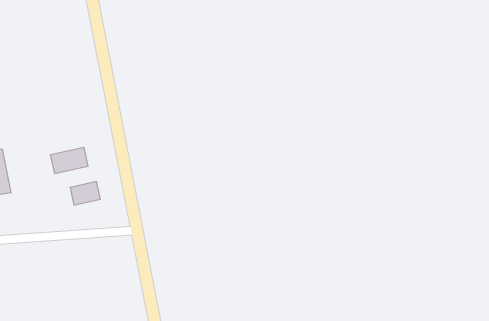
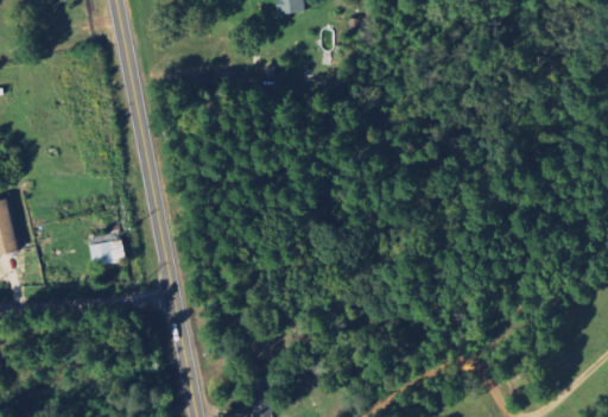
building: [51,147,88,174] -> none

